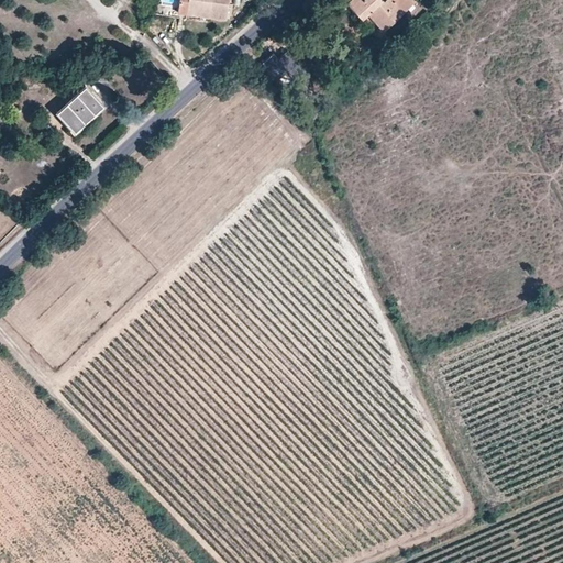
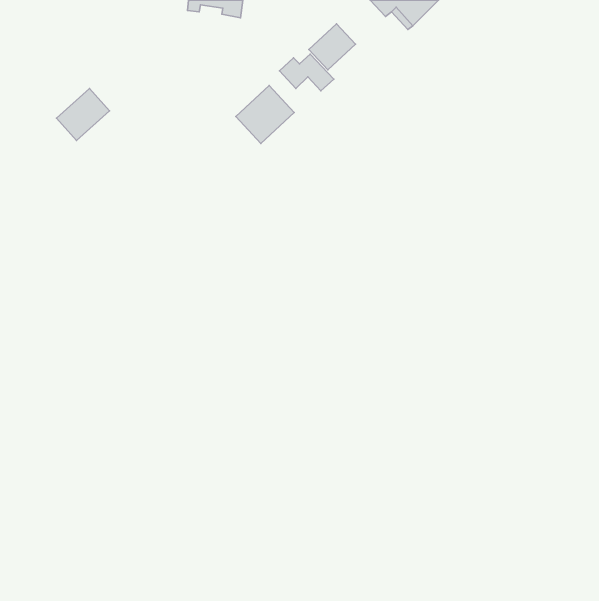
building: none -> [309,24,355,70]
building: none -> [236,85,294,143]

